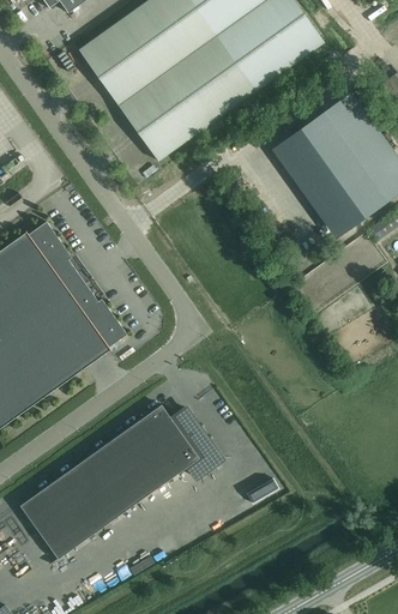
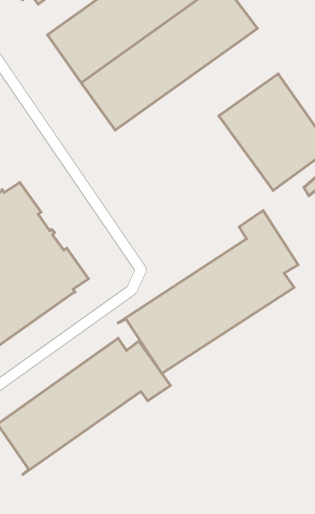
building: none -> [118,211,298,374]

